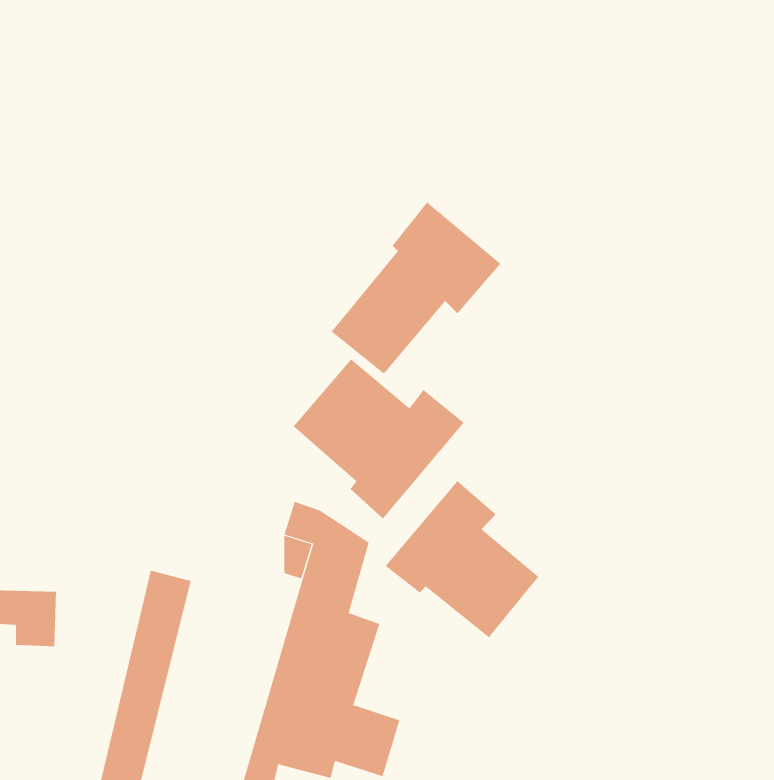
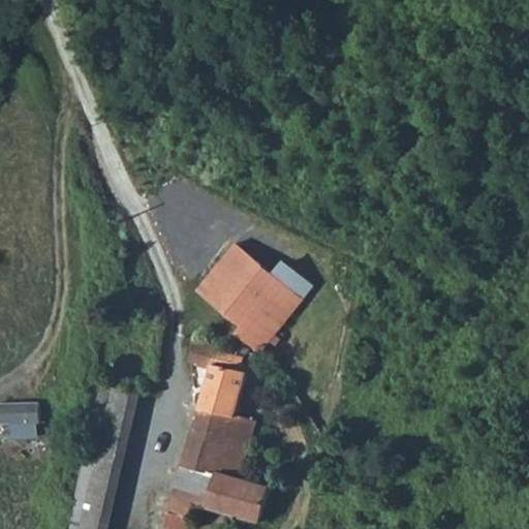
building: [331,202,501,375] -> none
building: [385,480,539,638] -> none

